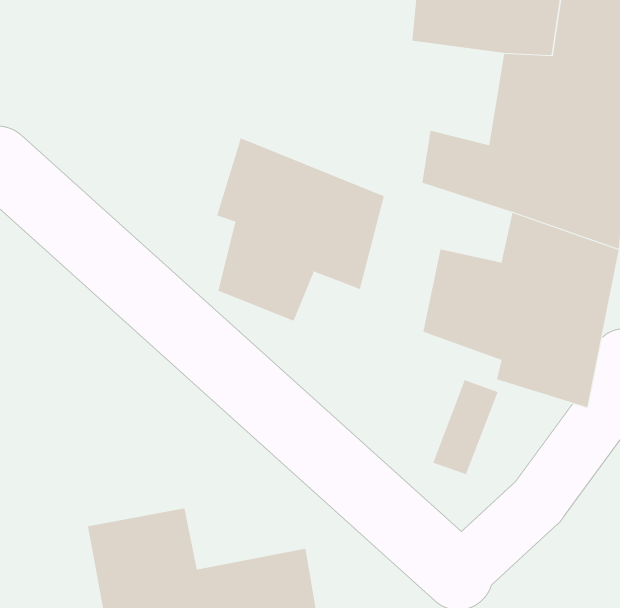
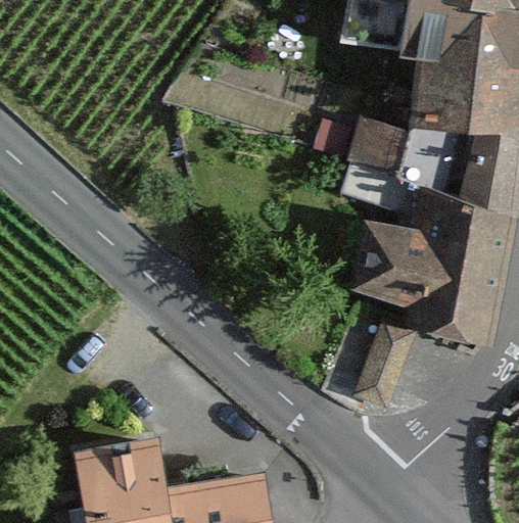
building: [217,138,384,321] -> none

